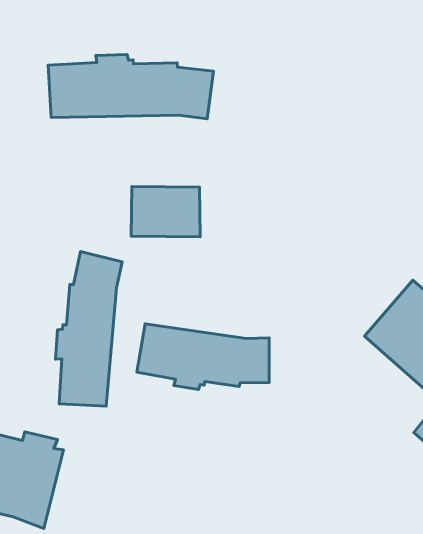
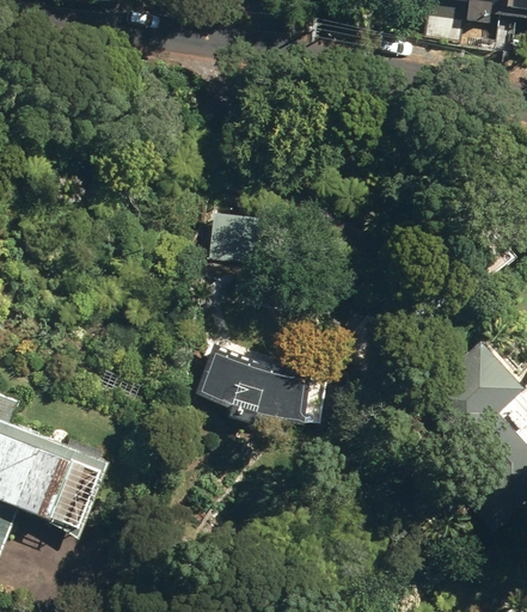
building: [48,55,214,119] -> none
building: [55,252,122,406] -> none

